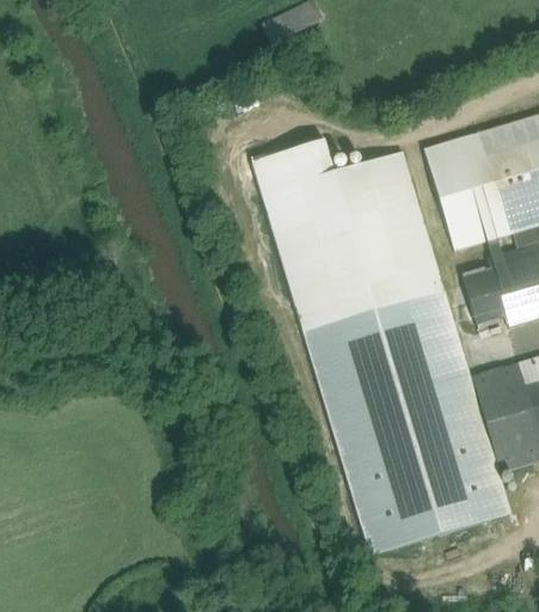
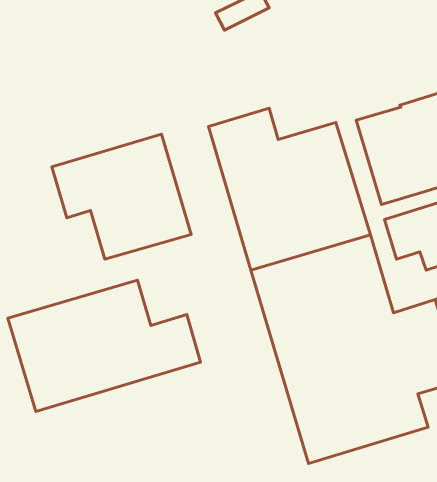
building: none -> [52,134,191,259]
building: none -> [8,280,201,411]

